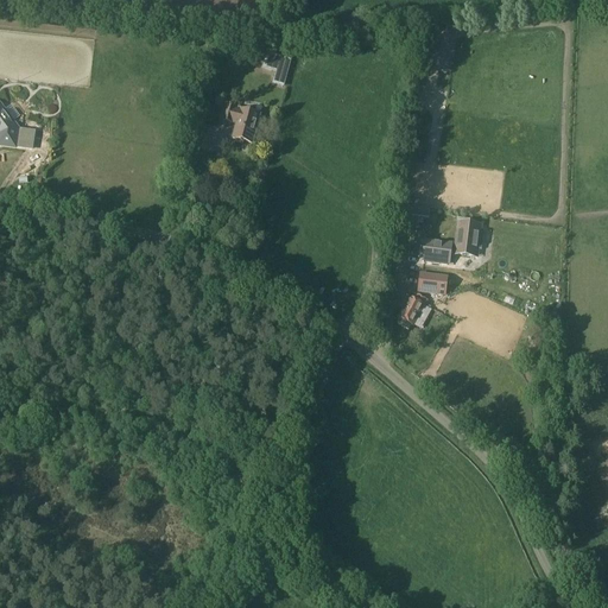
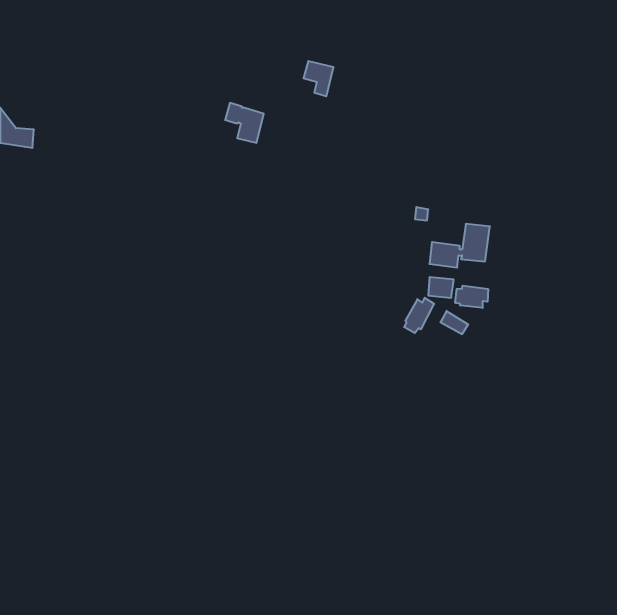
building: [262,50,292,84] -> [303,61,334,96]
building: none -> [455,286,488,308]

